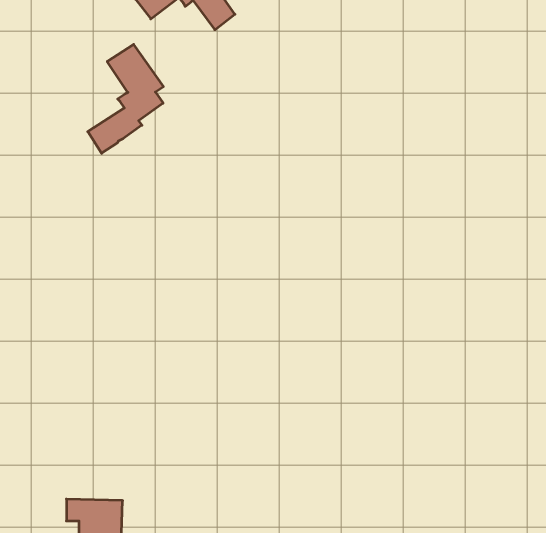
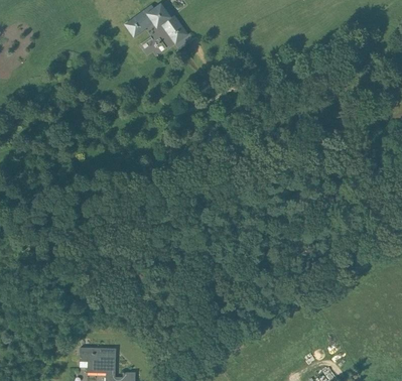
building: [88,44,163,153] -> none

